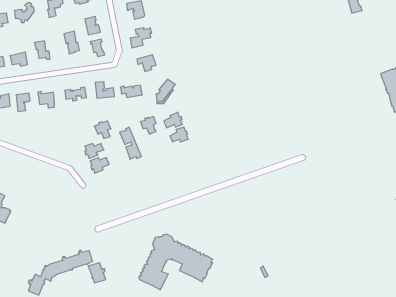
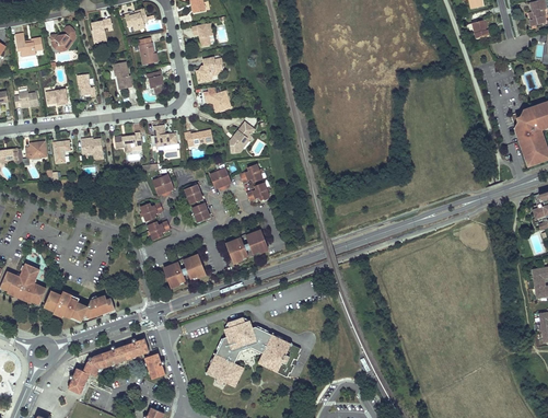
building: none -> [225,231,266,263]
building: none -> [162,256,201,287]
building: none -> [45,290,115,321]

